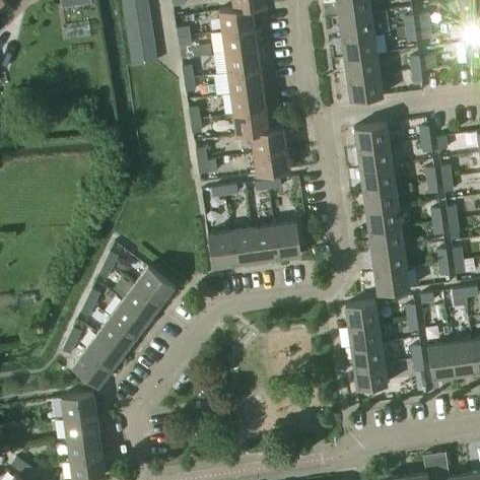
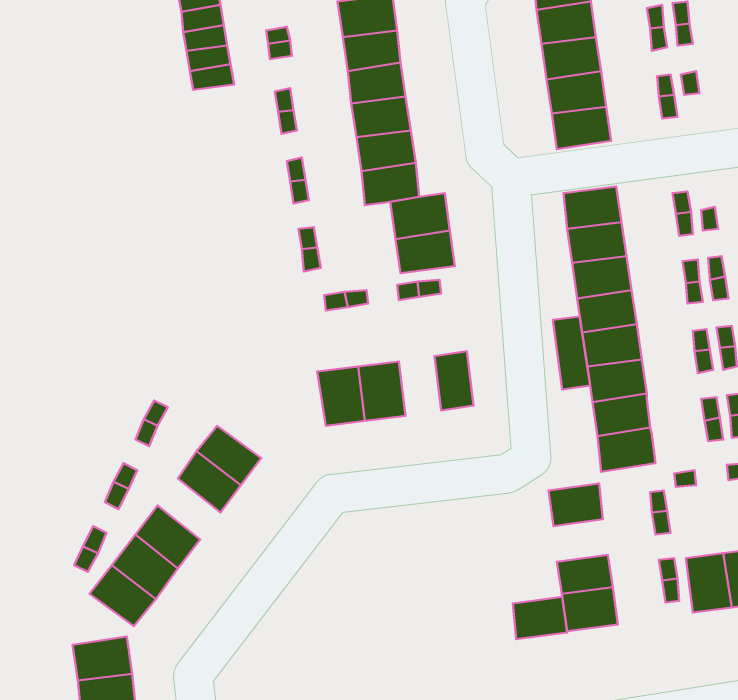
building: none -> [553,316,590,390]
building: [256,225,281,261] -> none
building: [112,298,149,335] -> none
building: [348,323,381,348] -> [513,597,567,639]

